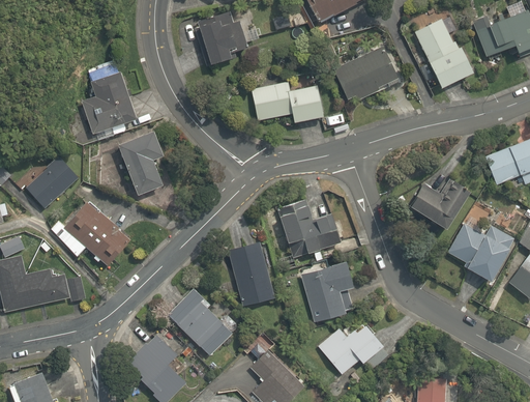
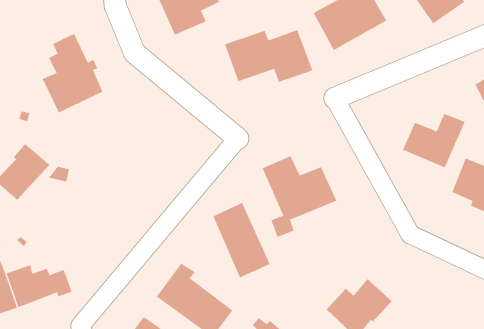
building: [115,126,160,194] -> none
building: [54,202,132,266] -> none
building: [300,259,351,321] -> none

